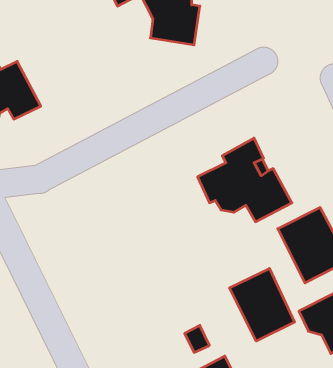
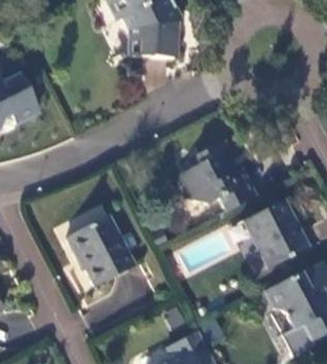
building: none -> [66,218,135,287]
building: [230,268,295,341] -> none

